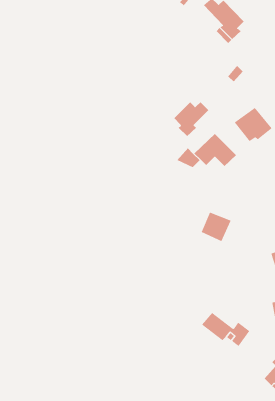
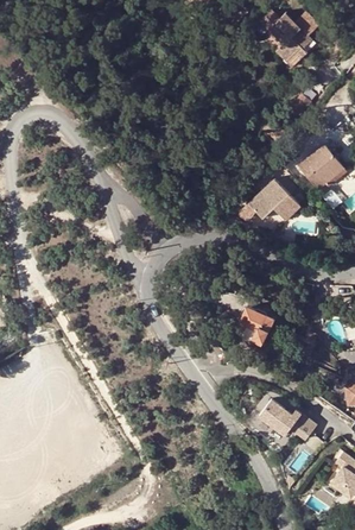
building: [173,101,209,137] -> none
building: [201,212,232,242] -> [236,308,274,345]

